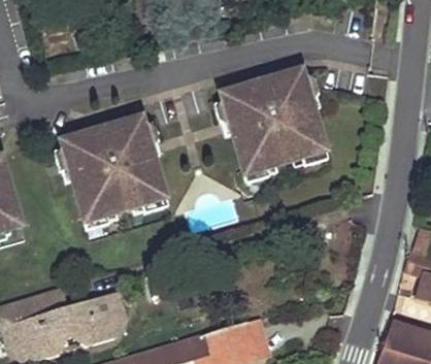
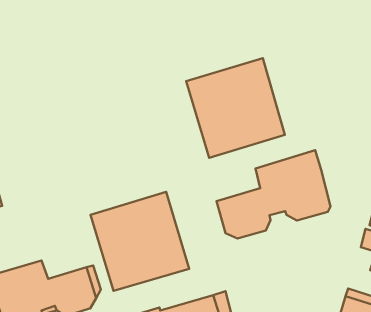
building: [60,115,166,222] -> [91,192,189,291]
building: none -> [217,150,331,239]

